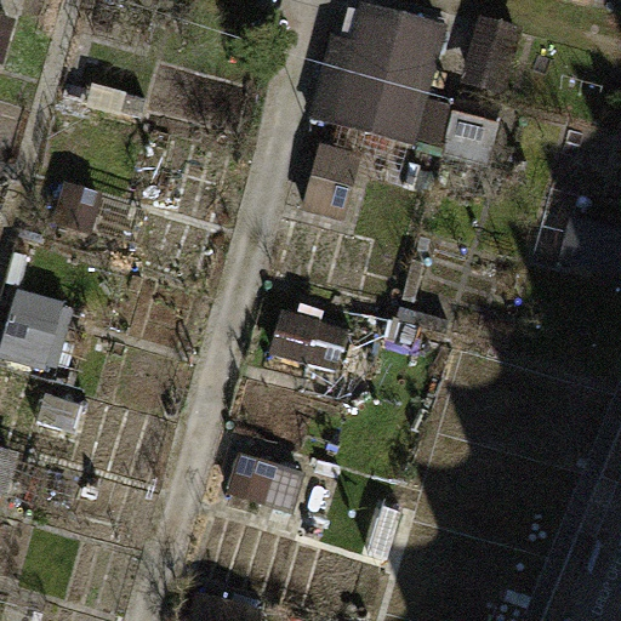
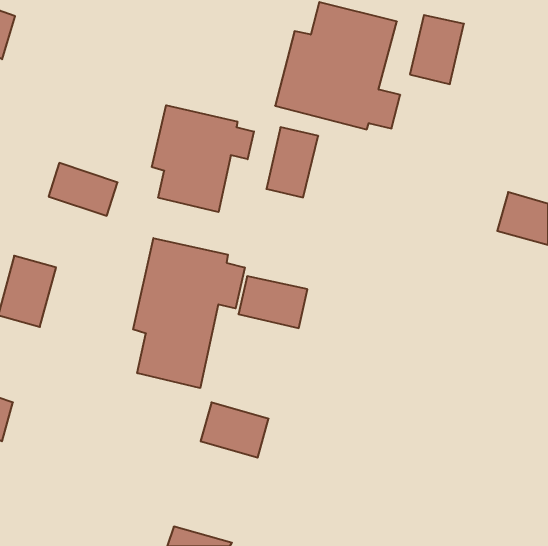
building: none -> [152,105,254,212]
building: none -> [133,238,245,388]

